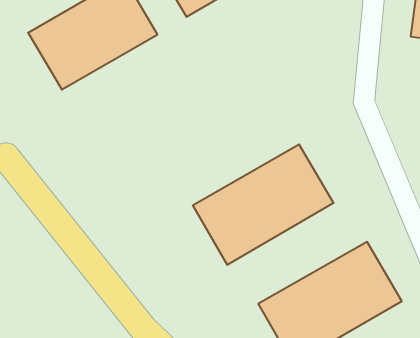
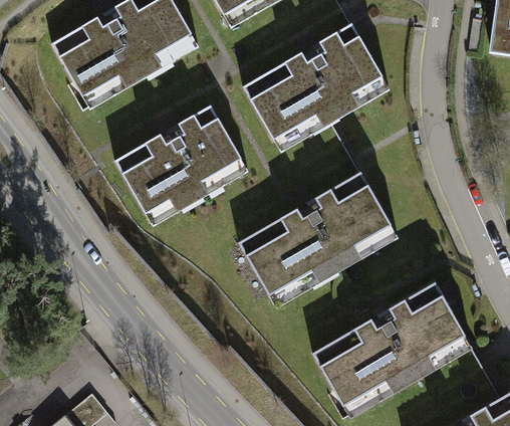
building: none -> [244,24,391,154]
building: none -> [115,104,253,229]

